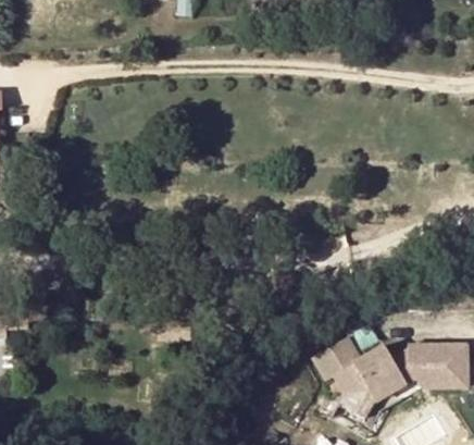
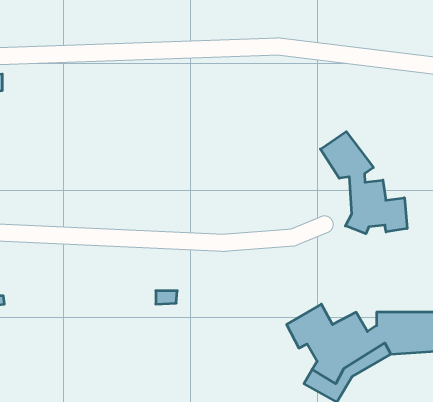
building: none -> [320,132,407,234]

